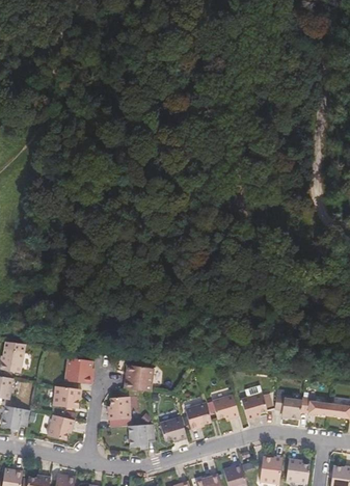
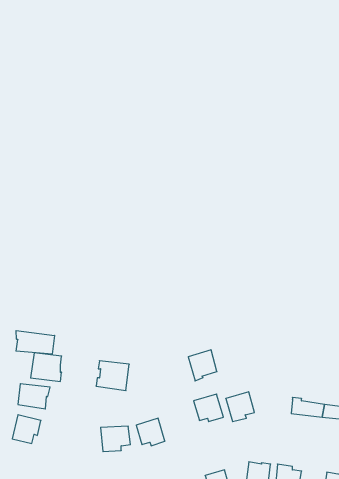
building: none -> [16,331,55,354]
building: [274,395,301,419] -> none
building: [107,396,131,419] -> none
building: [185,402,211,430] -> [188,350,217,381]

